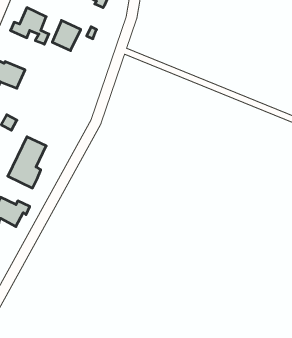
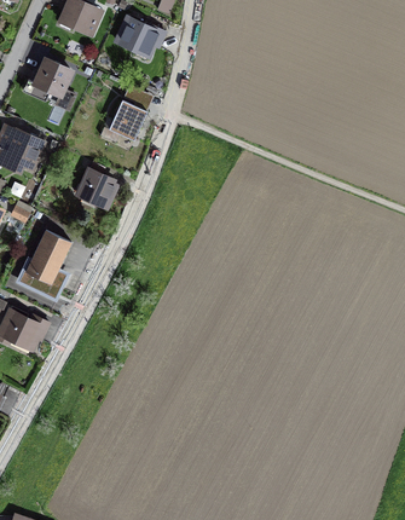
building: [52,20,81,51] -> [109,99,146,139]
building: none -> [77,169,116,204]

